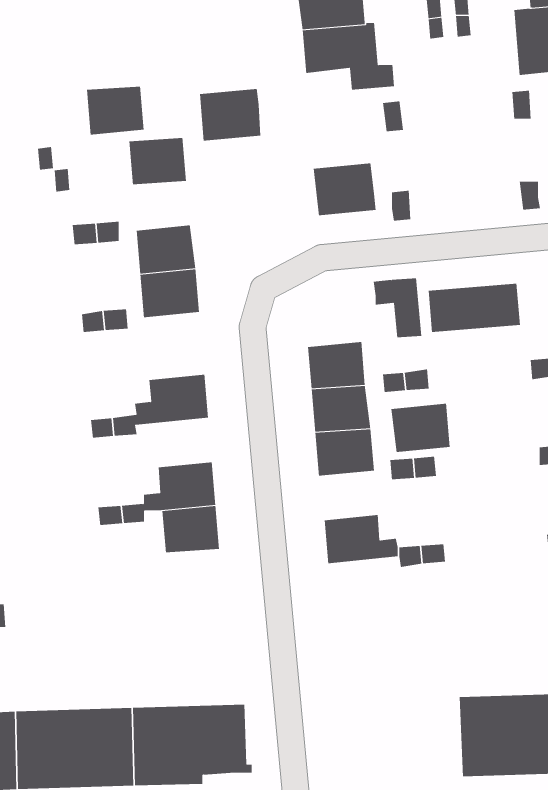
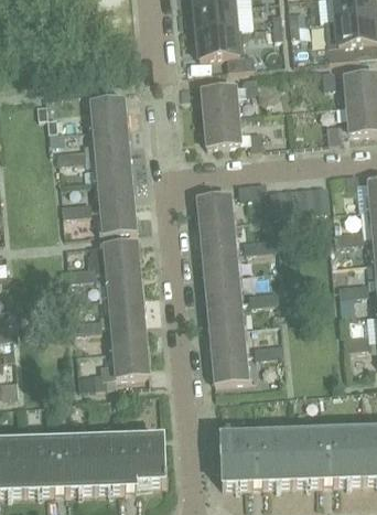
building: [86,86,144,135] -> [93,119,128,149]
building: [199,88,261,141] -> [200,79,237,111]
building: none -> [196,190,231,219]
building: none -> [99,199,136,228]
building: [390,403,451,453] -> [205,294,241,324]
building: none -> [95,262,141,292]
building: none -> [76,342,148,383]
building: none -> [211,347,246,377]
building: none -> [219,431,292,482]

